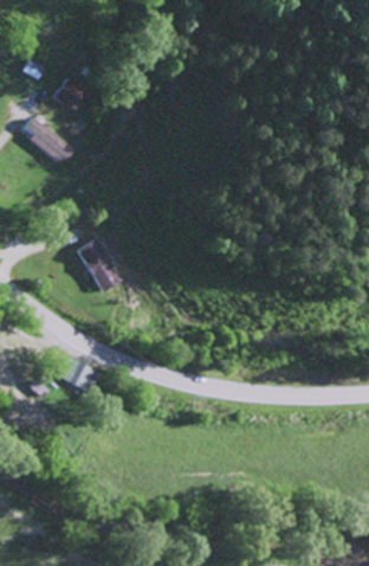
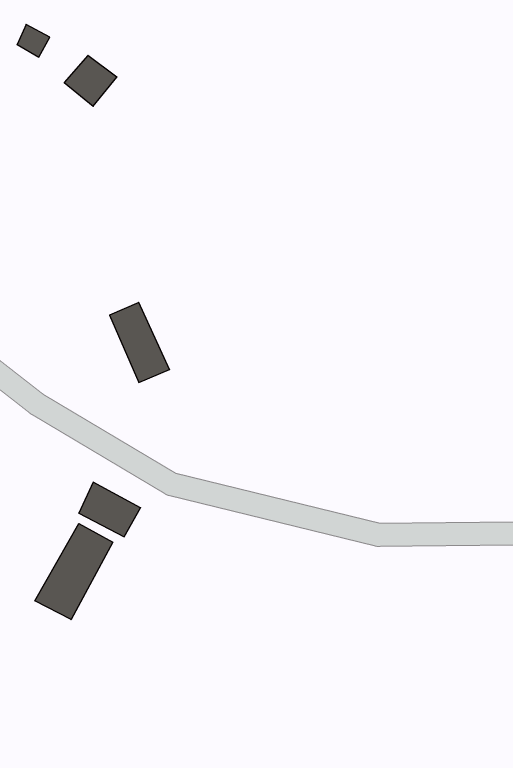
building: [26,120,72,163] -> none
building: none -> [35,524,113,620]

